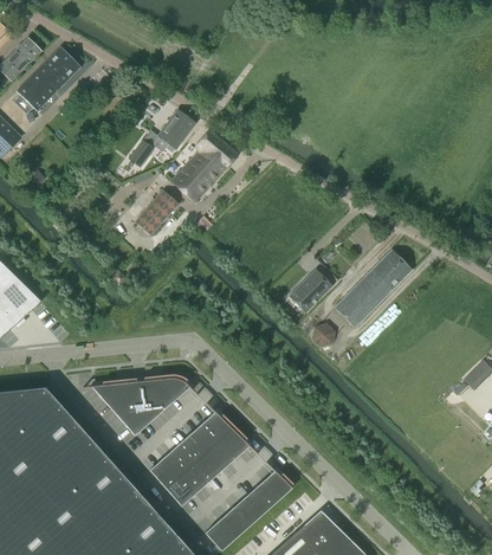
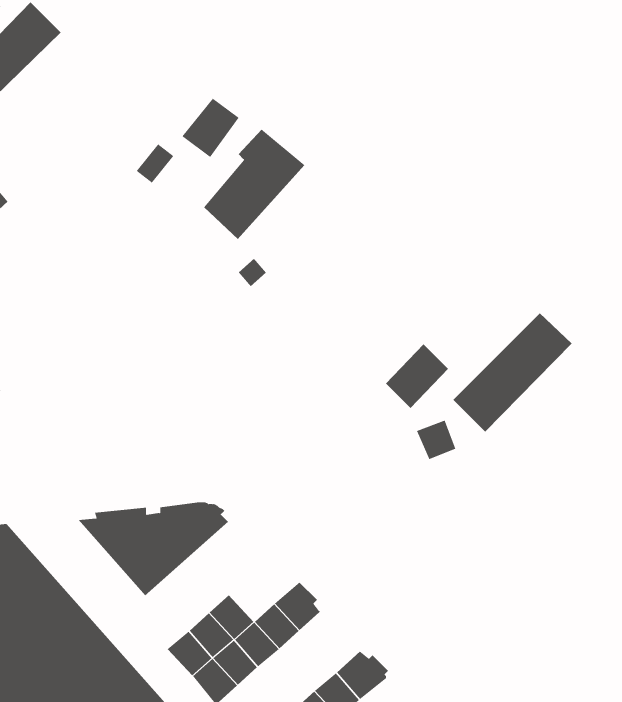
building: [136,192,180,235] -> none
building: [189,412,235,452] -> none

